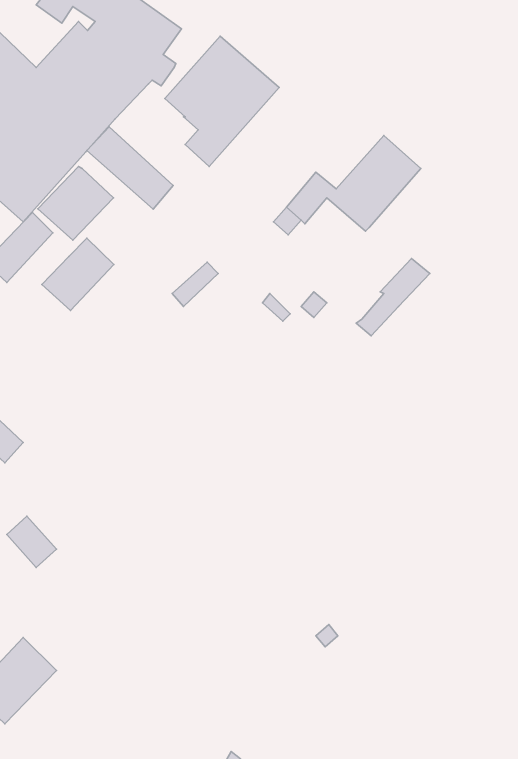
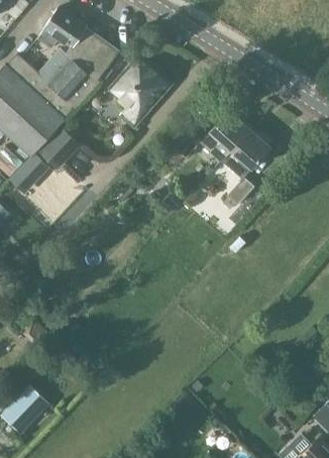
building: [87,127,173,209] -> none
building: none -> [221,128,270,169]
building: [42,238,114,311] -> none

